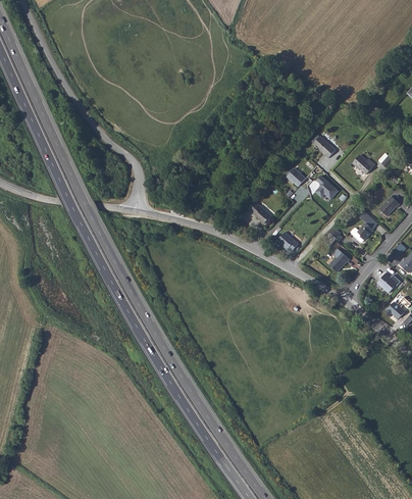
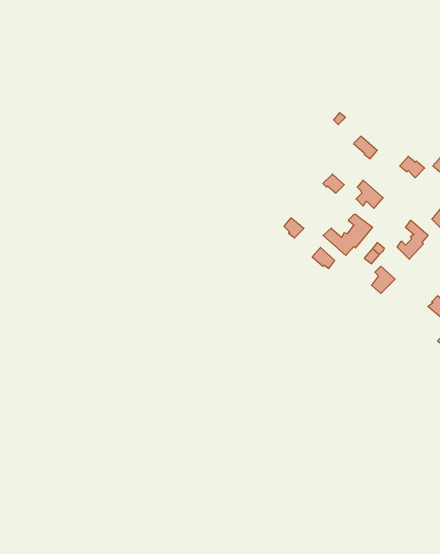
building: none -> [323,214,373,255]

